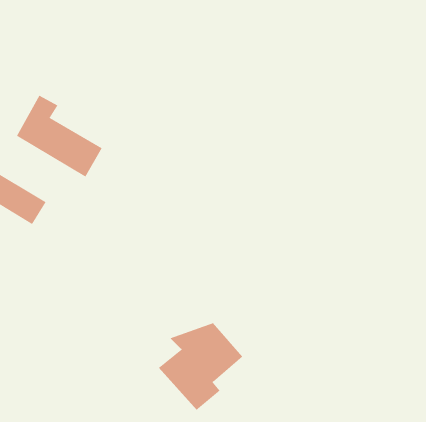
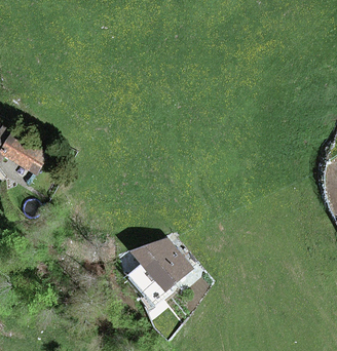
building: [16,95,103,178] -> none

